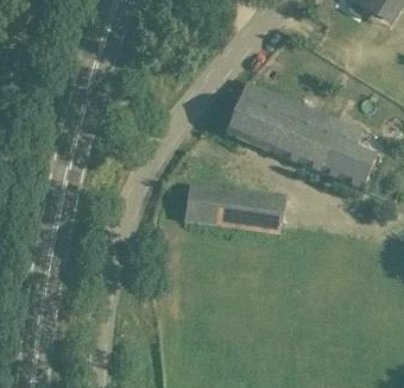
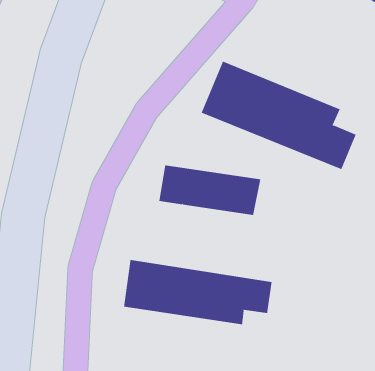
building: none -> [123,259,272,325]

